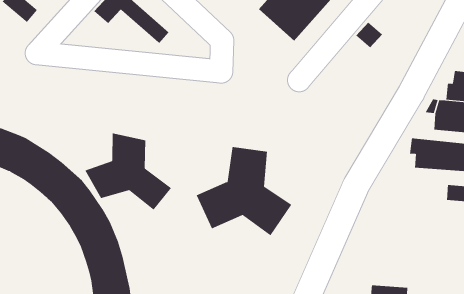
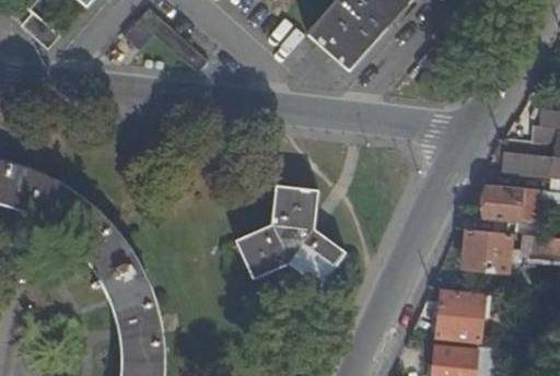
building: [85,133,172,210] -> none
building: none -> [460,225,510,268]
building: none -> [435,287,488,337]

